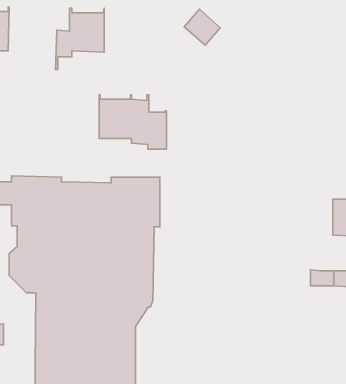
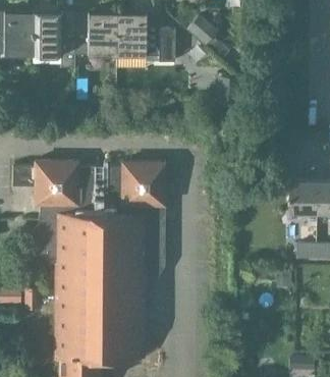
building: none -> [31,12,73,67]
building: [99,95,166,149] -> [115,13,174,61]
building: none -> [290,181,316,213]

